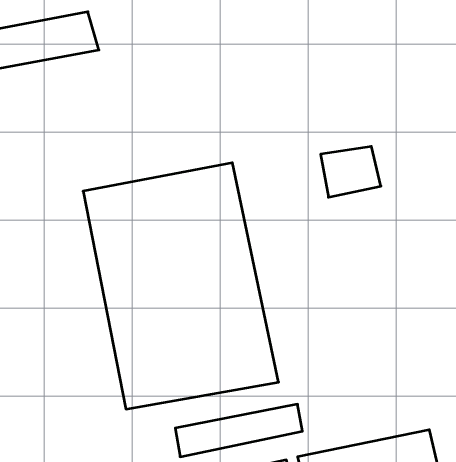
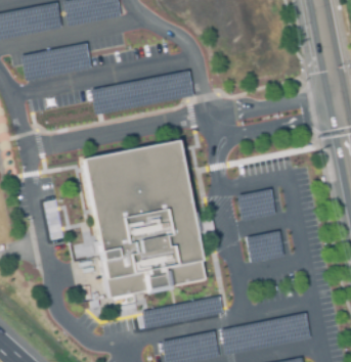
building: none -> [91,71,194,115]
building: [321,146,381,197] -> [238,189,277,222]
building: none -> [247,231,286,264]

